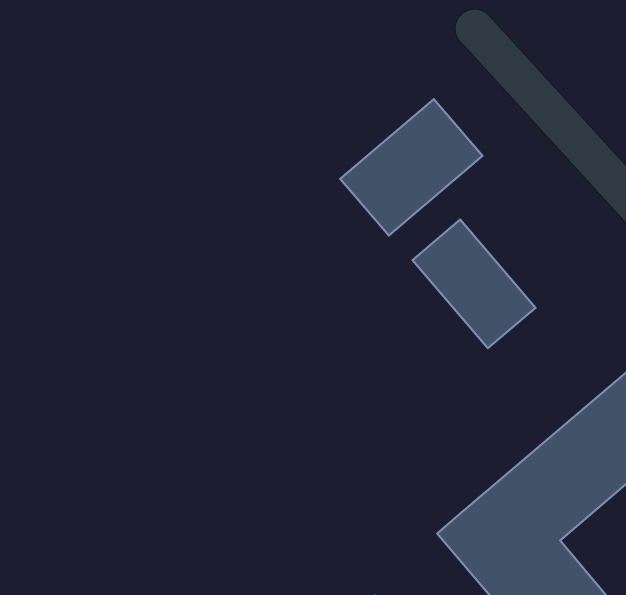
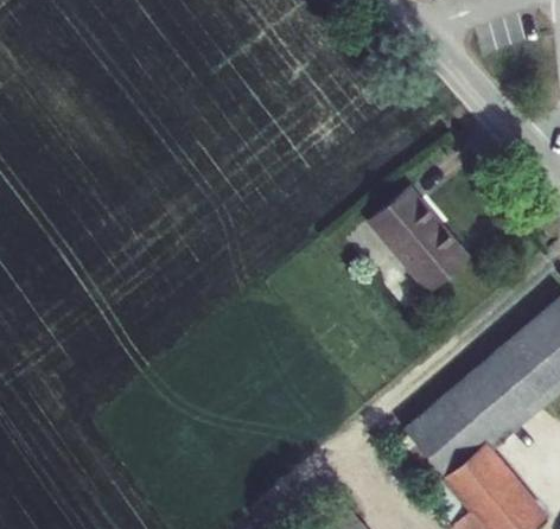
building: [340,99,482,236] -> none

